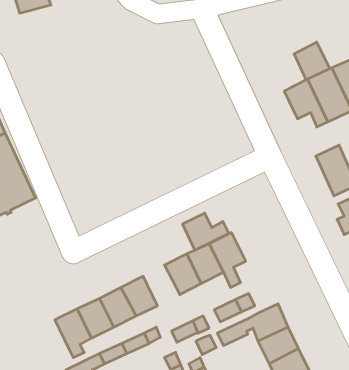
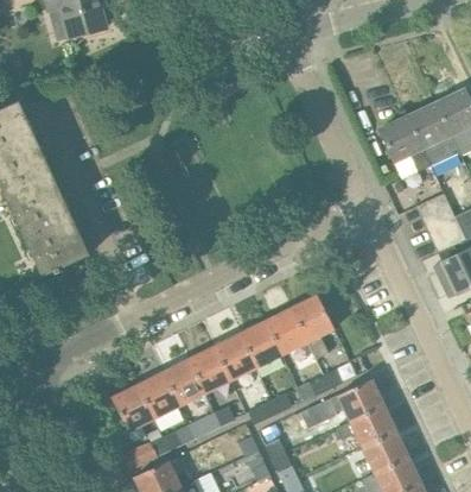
building: [294,42,330,80] -> none
building: [183,213,229,250] -> none
building: none -> [215,333,257,380]

